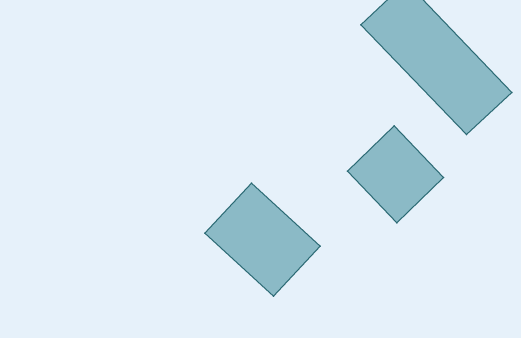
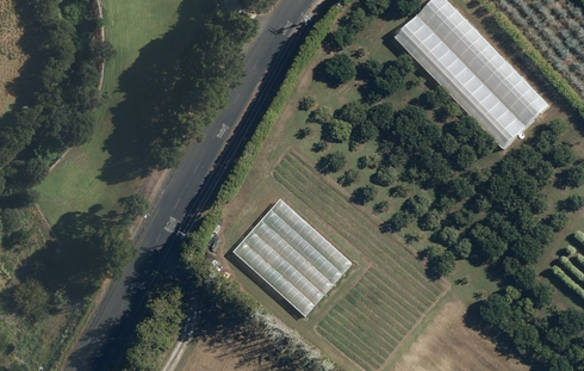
building: [347,126,443,223] -> none

